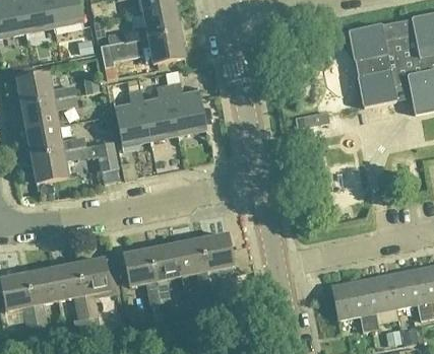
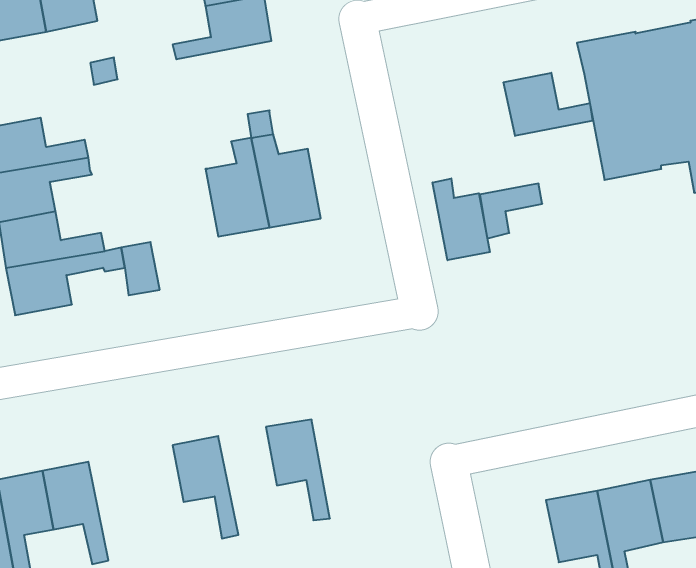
building: [100,29,184,68] -> none
building: none -> [504,73,593,136]
building: [114,88,149,144] -> none
building: none -> [433,178,490,260]
building: [201,234,234,294] -> none
building: [149,243,182,303] -> none
building: [77,258,118,317] -> none

